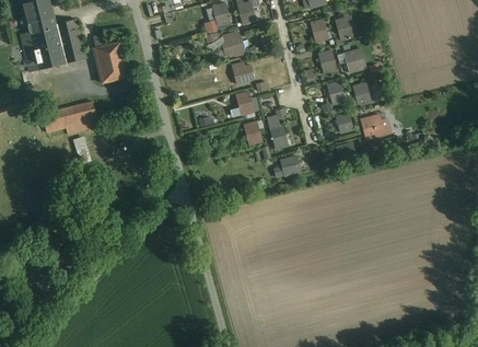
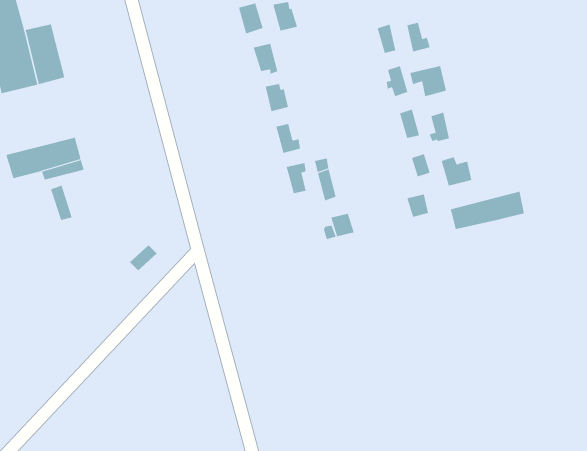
building: [94,42,129,83] -> none
building: none -> [450,191,524,230]

